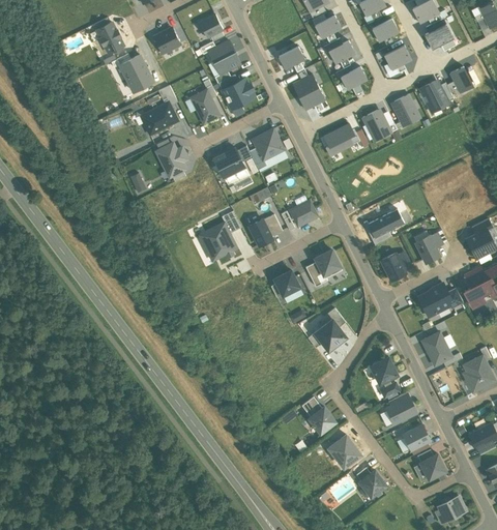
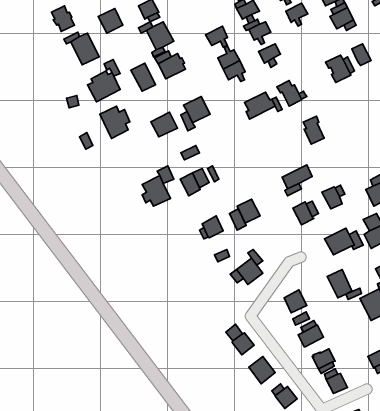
building: [384,45,411,72] -> none
building: [393,93,418,126] -> [303,116,324,144]
building: [290,200,318,226] -> none

